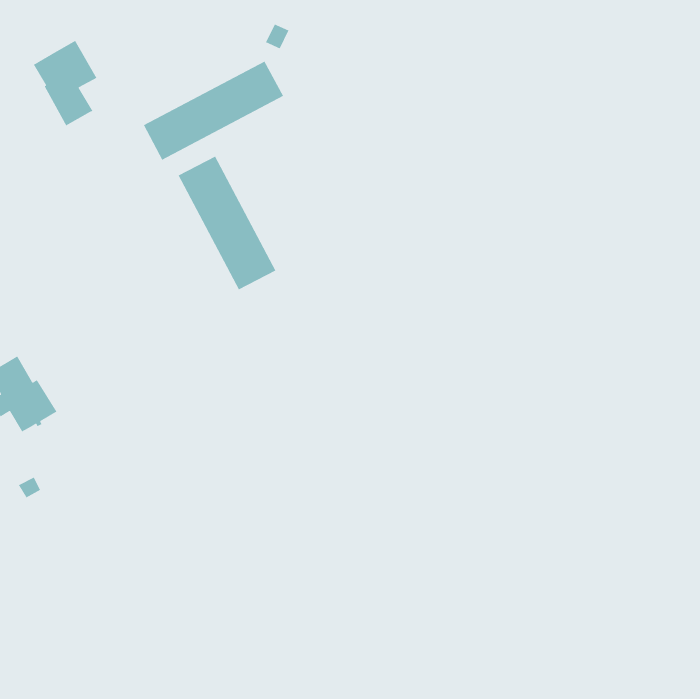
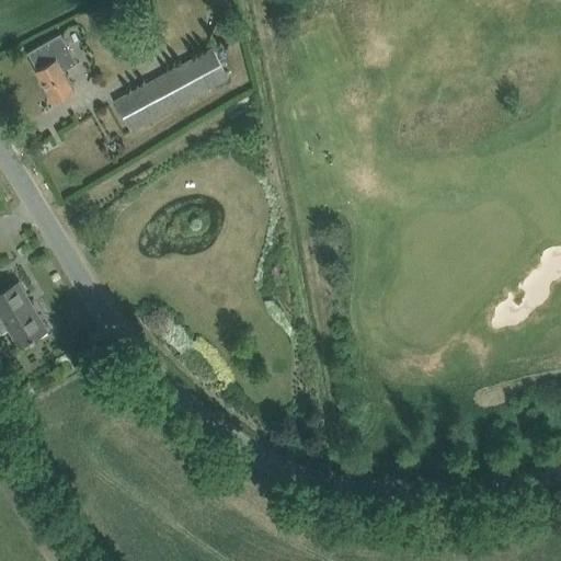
building: [178,156,277,291] -> none

